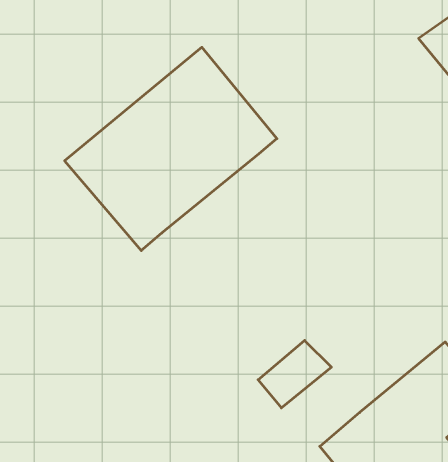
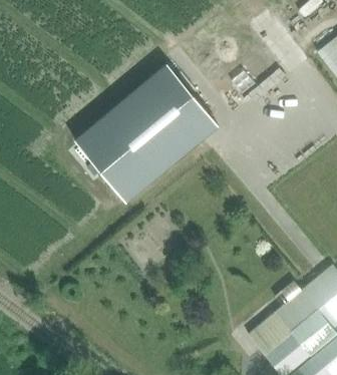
building: [258,340,331,408] -> none

